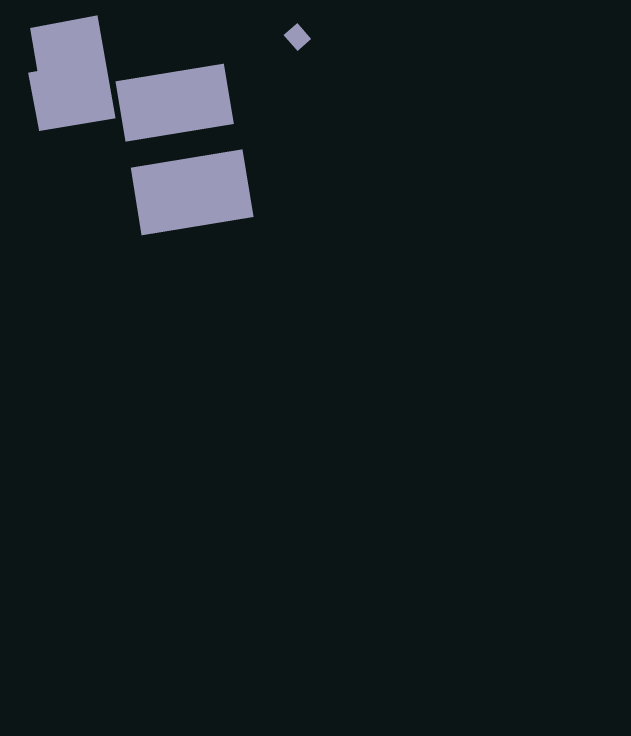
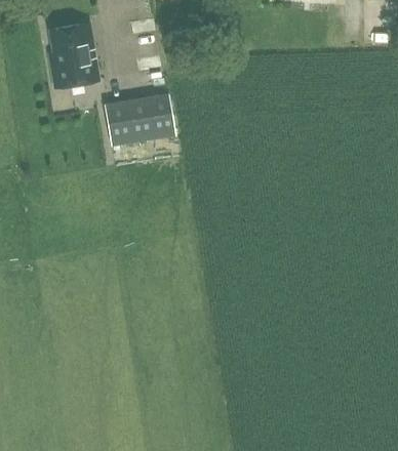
building: [115,63,235,142] -> none

